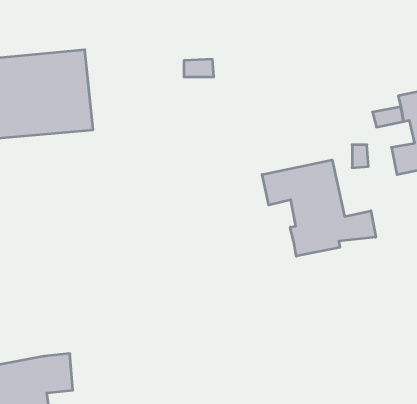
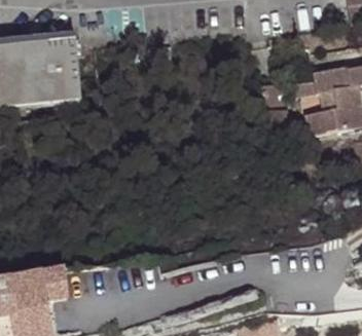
building: [262,160,376,256] -> none

